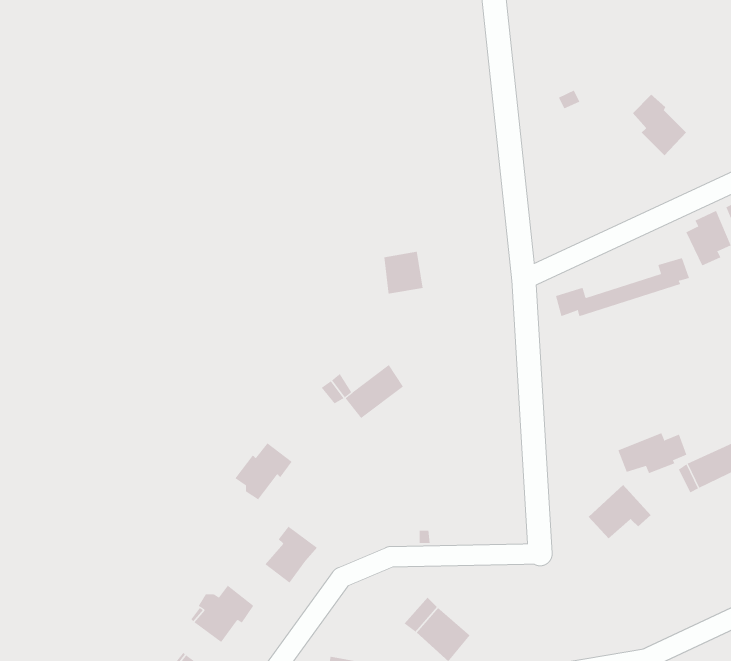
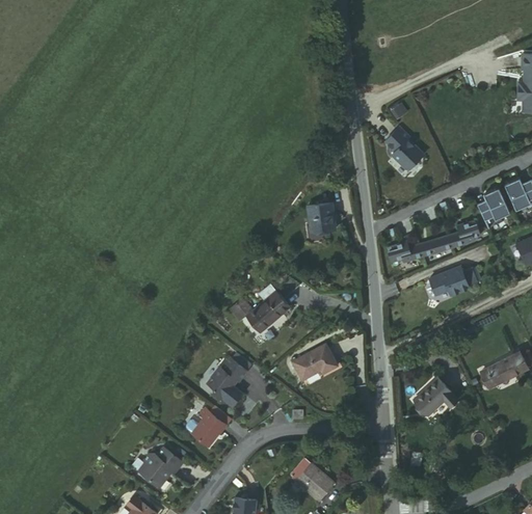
building: [632,94,687,156] -> [391,128,429,171]
building: [383,251,424,294] -> [304,202,332,233]
building: [617,432,687,474] -> [434,264,483,293]
building: none -> [291,344,336,379]
building: [235,442,292,500] -> [206,357,246,398]

